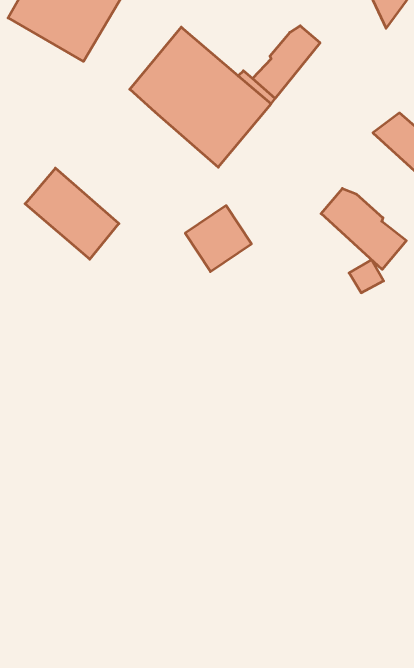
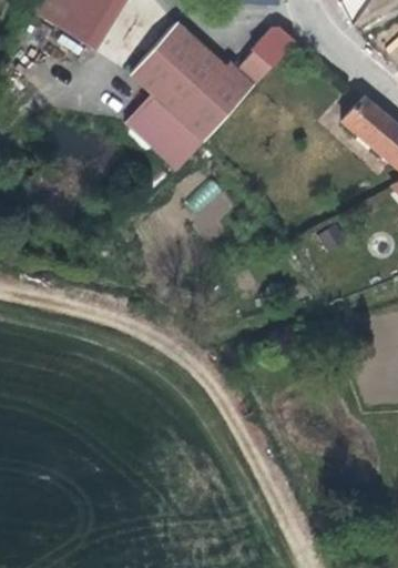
building: [25,168,119,259] -> [130,94,208,171]
building: [321,188,406,269] -> none

